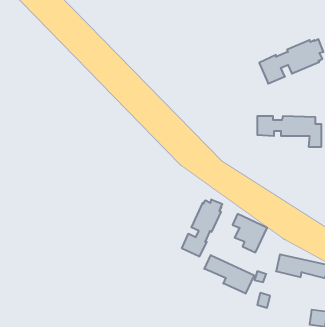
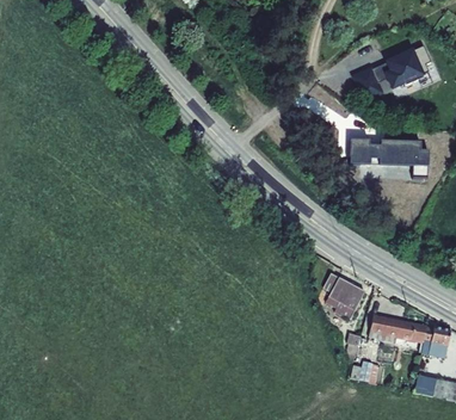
building: [182,199,222,257] -> none
building: [204,255,254,294] -> none

